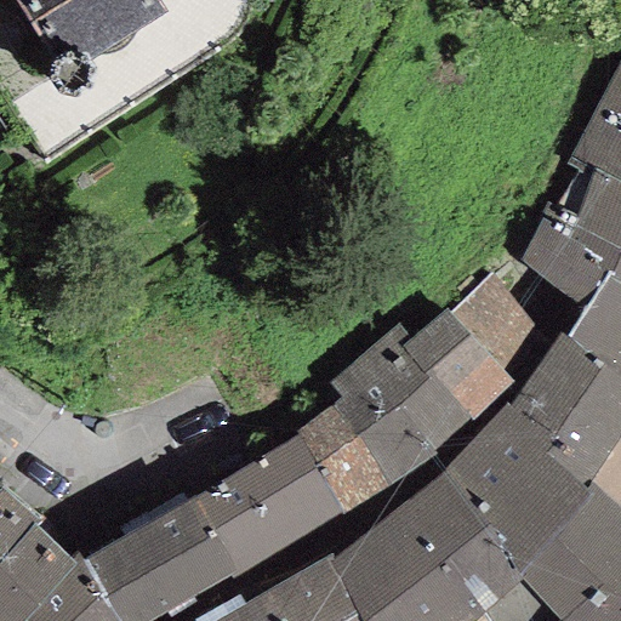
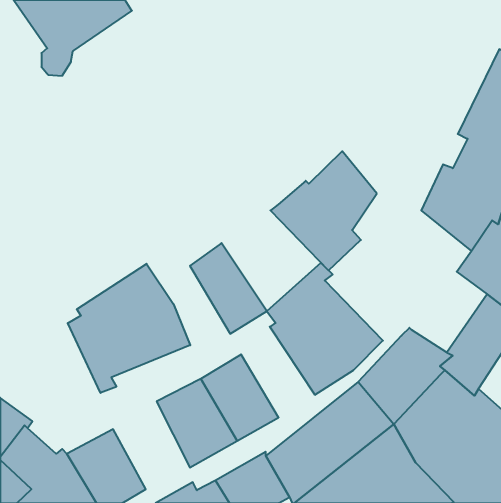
building: [403,273,534,420] -> [270,151,377,270]
building: none -> [68,264,190,393]
building: [509,331,603,434] -> none
building: [296,403,391,514] -> [190,243,267,334]
building: [142,495,237,603] -> none

